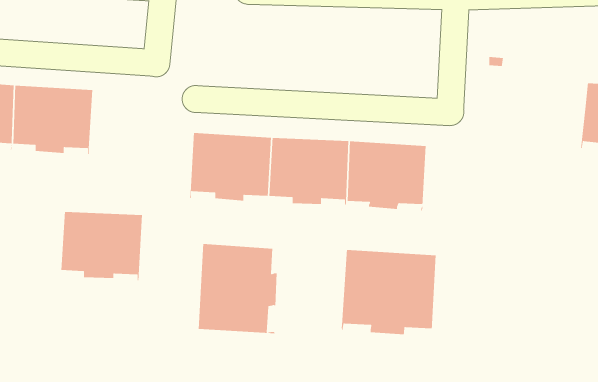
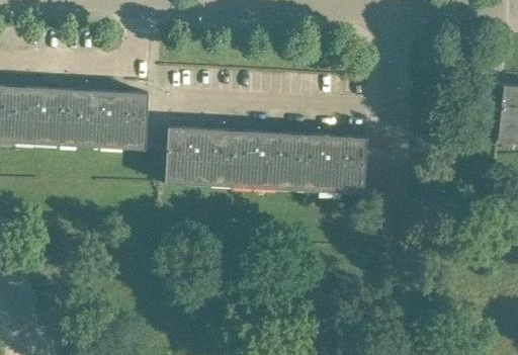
building: [61,211,143,281] -> [80,91,150,151]
building: [198,243,277,334] -> none
building: [341,249,437,337] -> none

